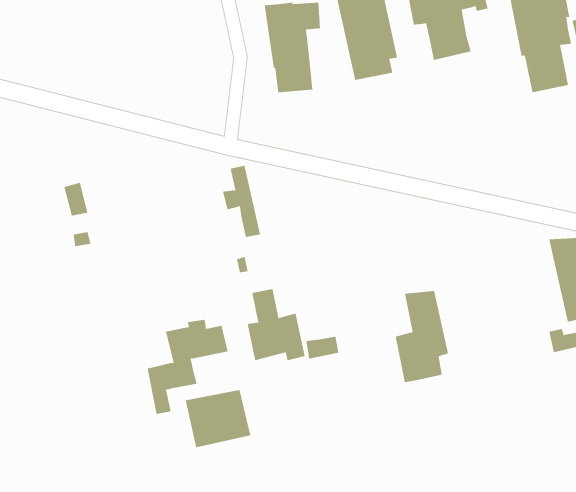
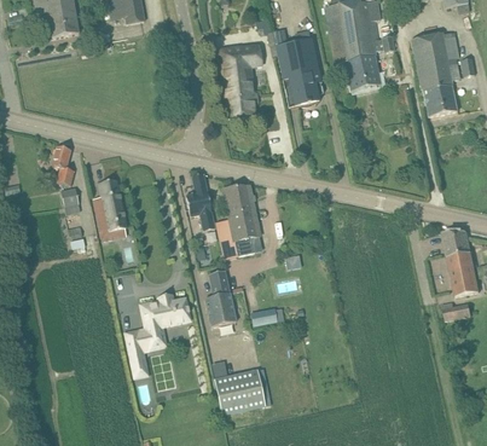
building: none -> [52,145,74,185]
building: none -> [93,179,126,232]
building: [395,290,449,383] -> [216,185,259,257]
building: [185,389,251,448] -> [214,369,266,415]

